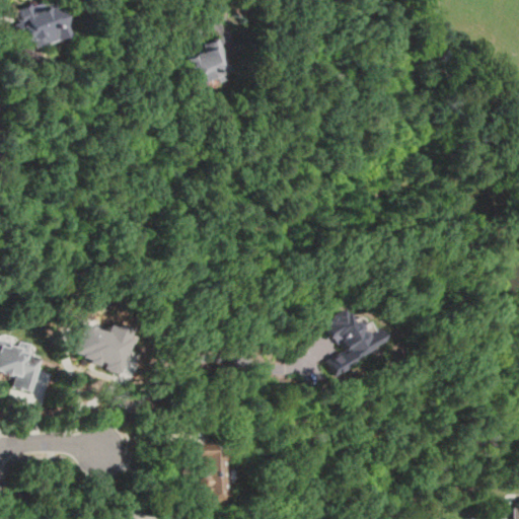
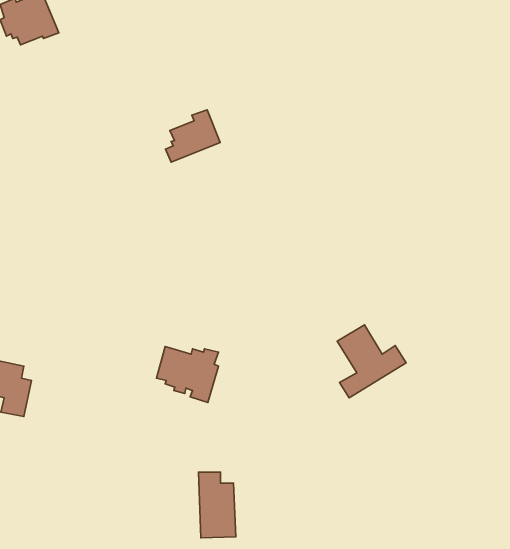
building: [190,39,240,87] -> [166,110,220,162]
building: [78,323,136,375] -> [156,347,219,402]

